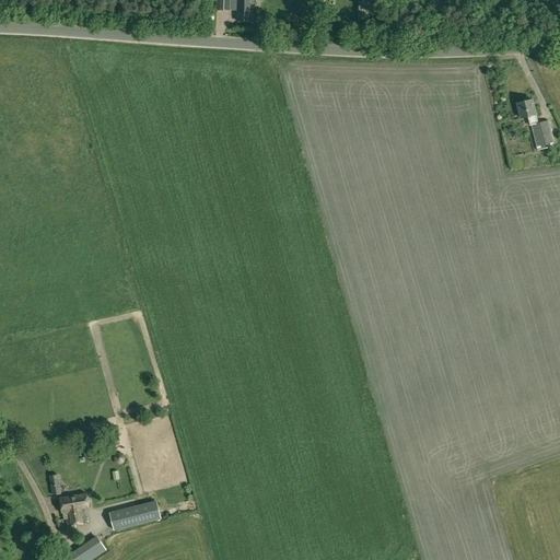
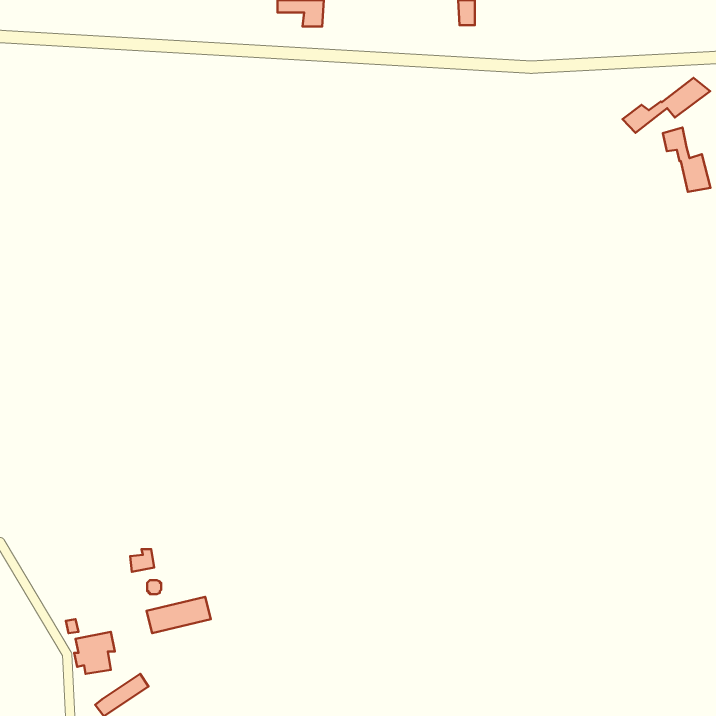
building: none -> [623,78,710,133]
building: [110,501,161,529] -> [146,597,211,633]

